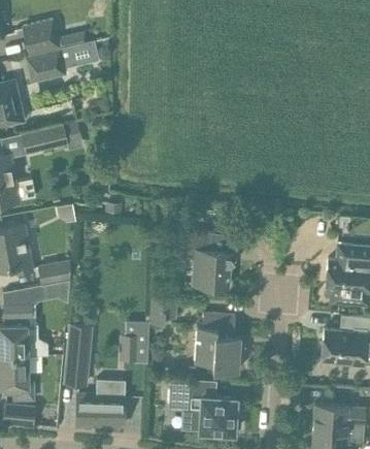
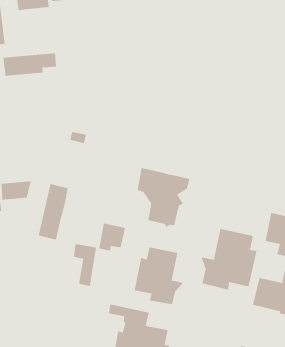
building: none -> [201,228,257,290]
building: [64,326,90,385] -> [38,183,69,240]
building: [76,382,124,426] -> none

